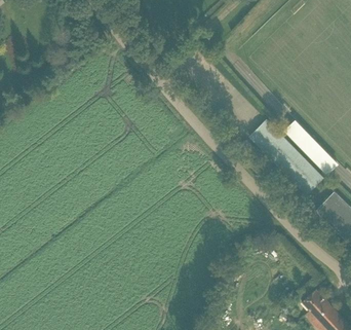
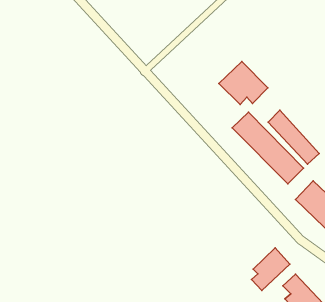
building: none -> [219,62,268,104]
building: none -> [251,248,290,290]

